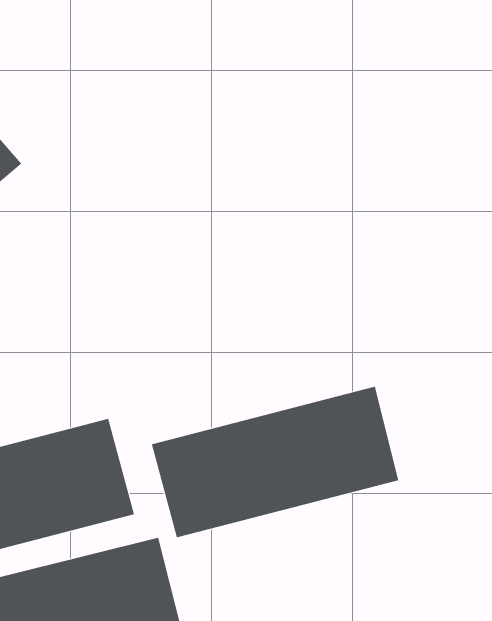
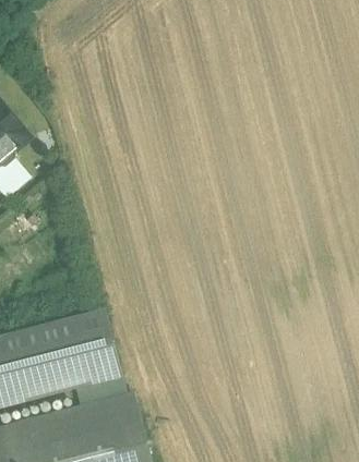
building: [151,386,399,538] -> none

